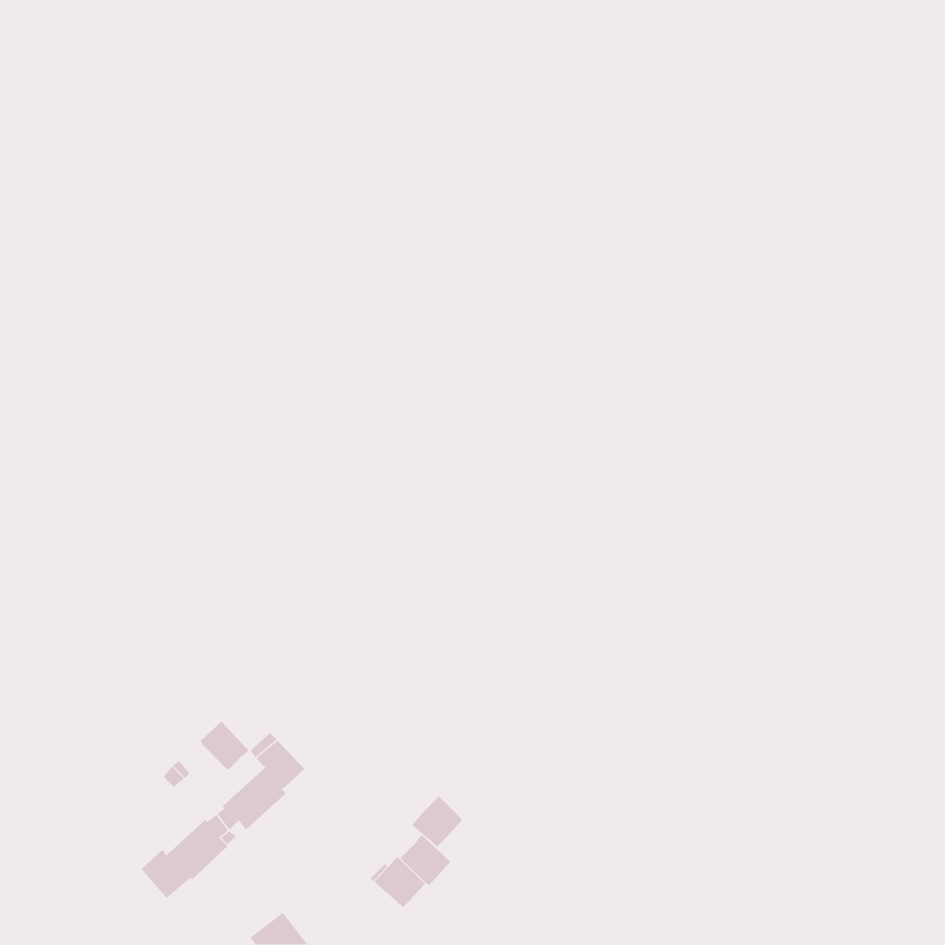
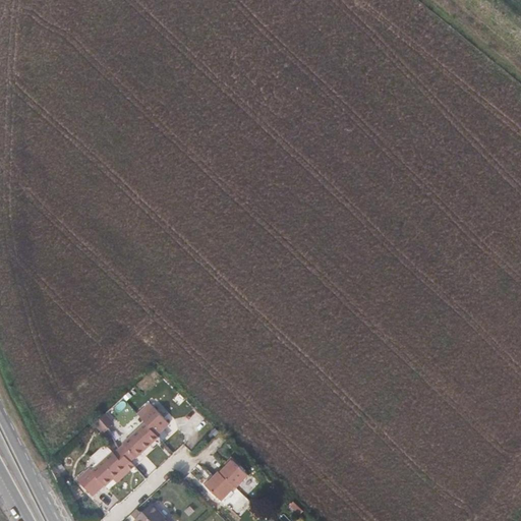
building: [200,721,250,771] -> none
building: [411,795,463,847] -> none

